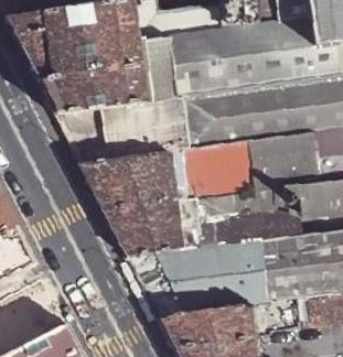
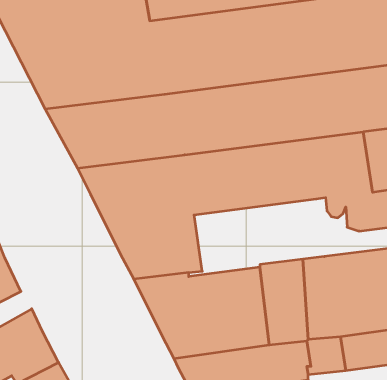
building: [178,188,285,248] -> none

